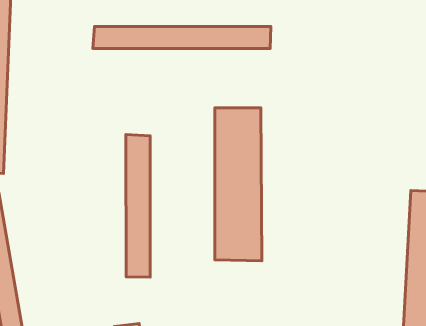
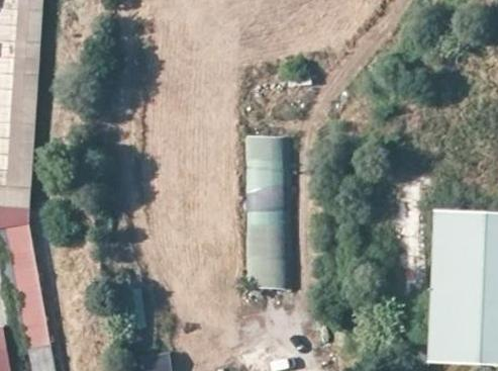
building: [93,26,271,49] -> none
building: [126,135,150,277] -> none

